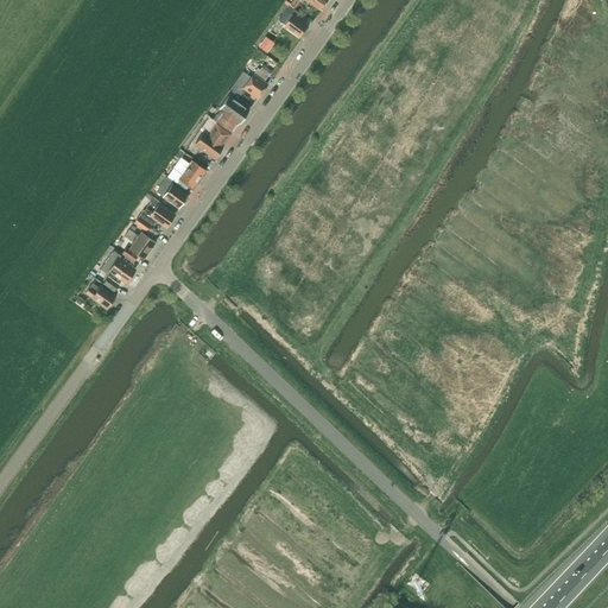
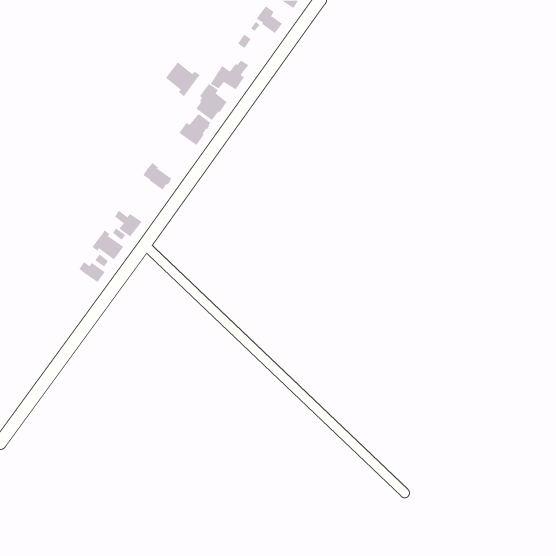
building: none -> [165,61,200,97]
building: [167,160,205,191] -> none
building: [134,197,175,232] -> none

